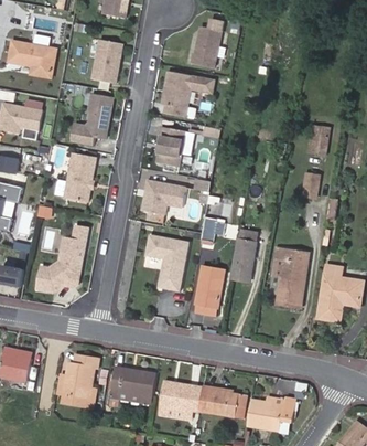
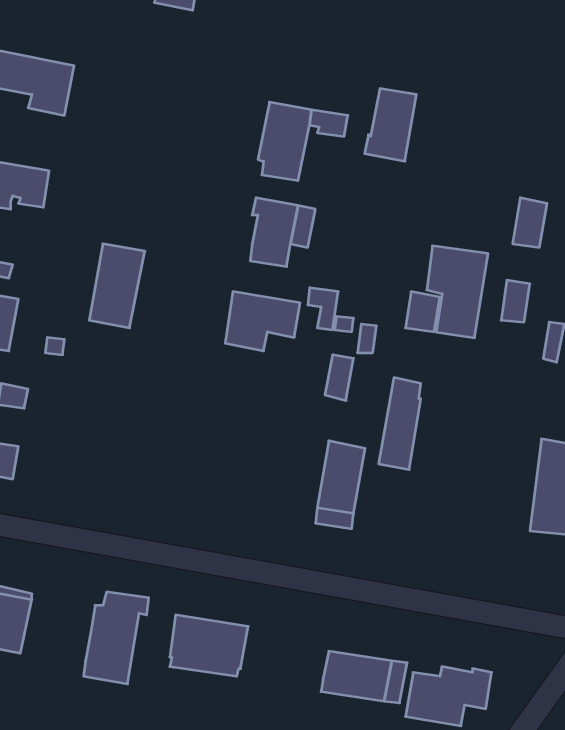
building: [192,26,222,68] -> [365,89,416,161]
building: [93,39,123,83] -> none
building: [85,93,114,138] -> none
building: [37,223,89,291] -> none
building: [145,233,190,290] -> none
building: [273,249,309,302] -> [427,246,488,338]
building: [159,381,203,418] -> none

